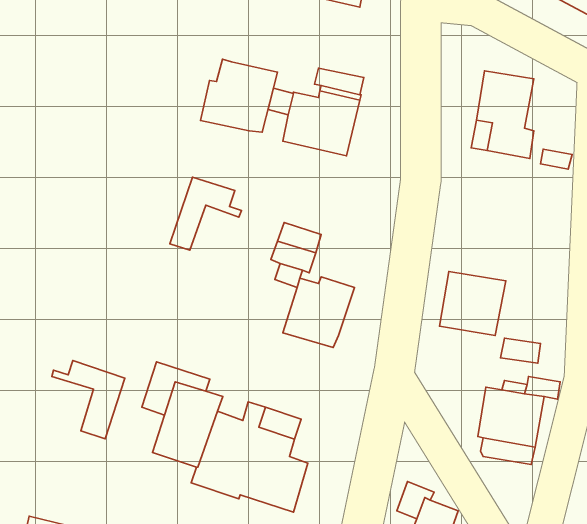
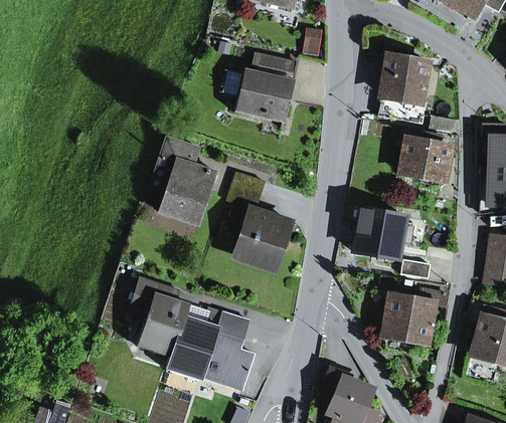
building: [200,59,278,132] -> none
building: none -> [400,134,449,181]
building: none -> [159,159,215,224]
building: [52,360,125,439] -> none

